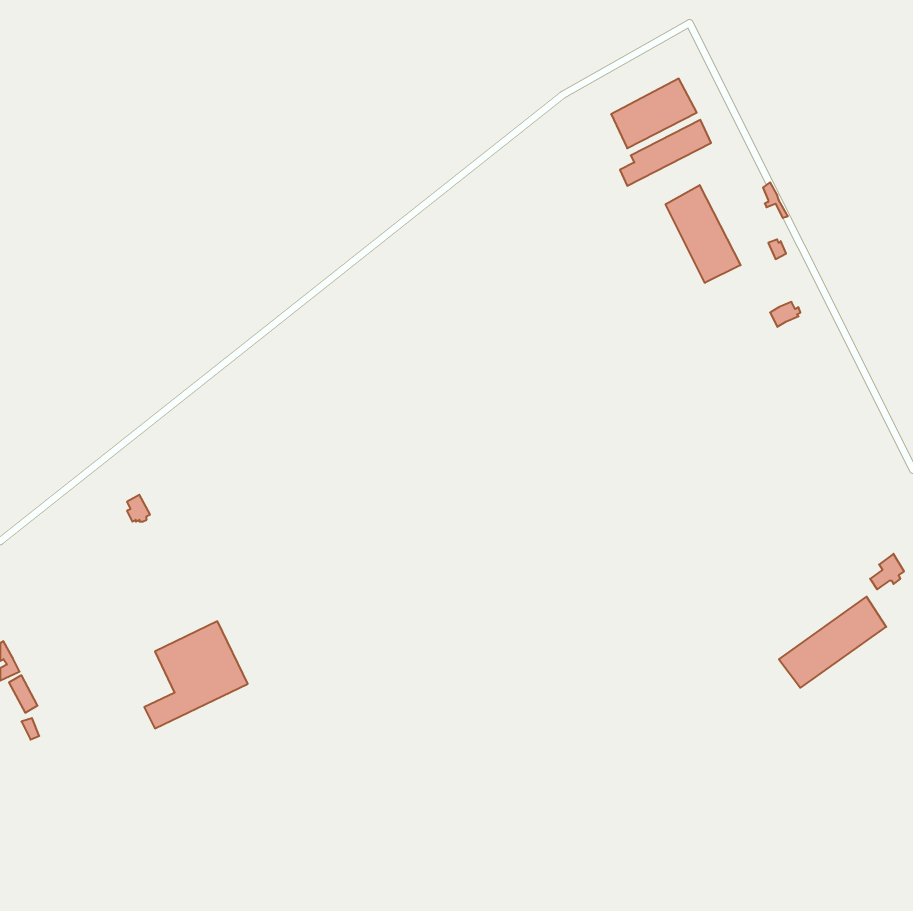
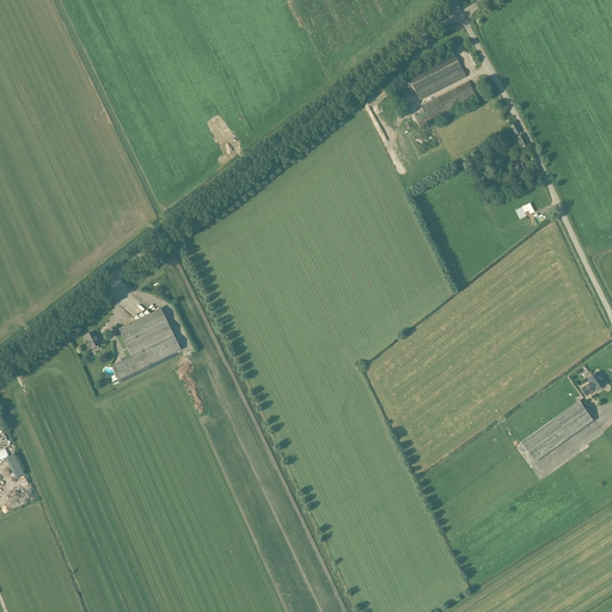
building: [666,185,741,283] -> none
building: [144,621,248,728] -> [111,307,180,379]

